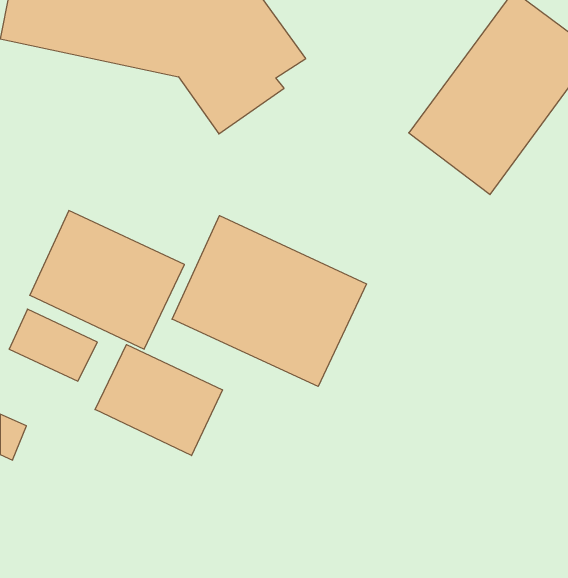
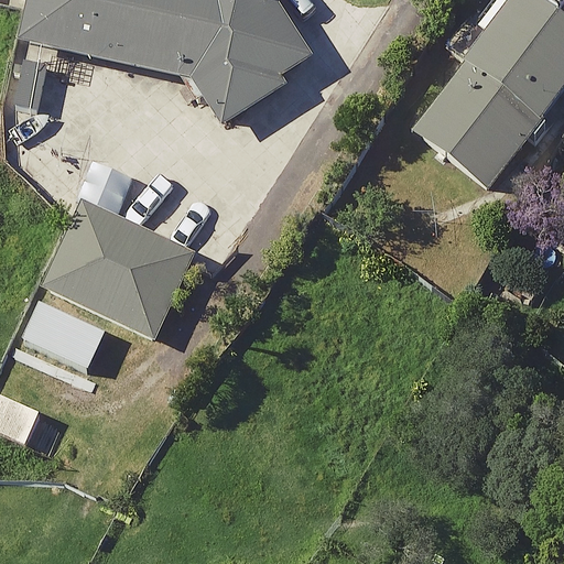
building: [172,216,366,386] -> none
building: [95,345,222,456] -> none

